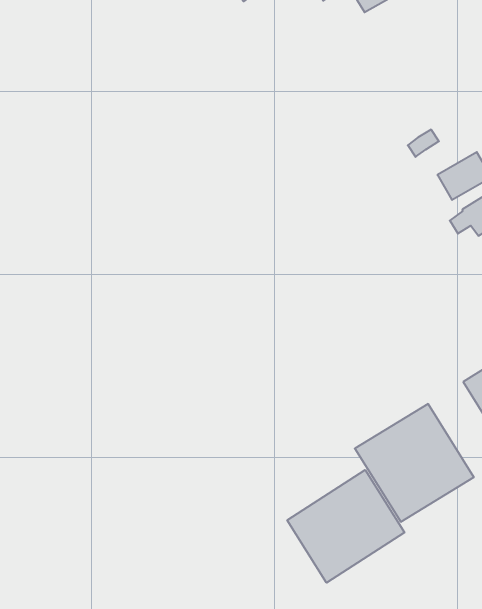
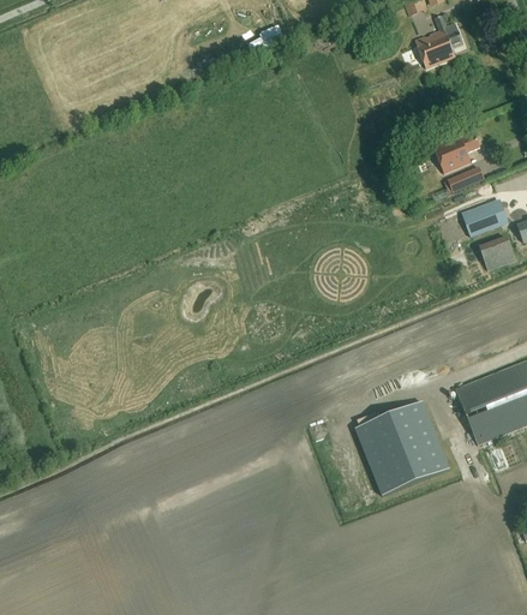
building: none -> [432,129,480,173]
building: [287,470,404,583] -> none

